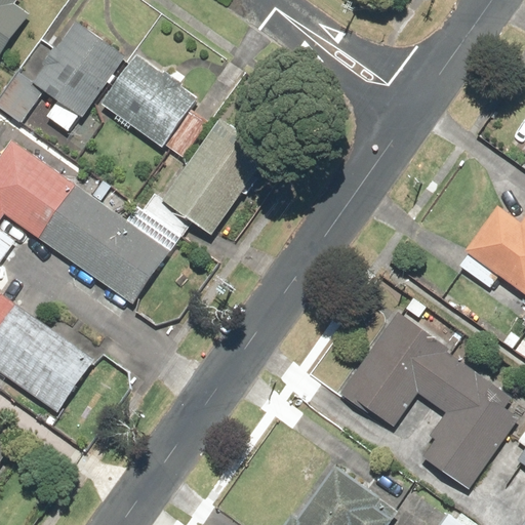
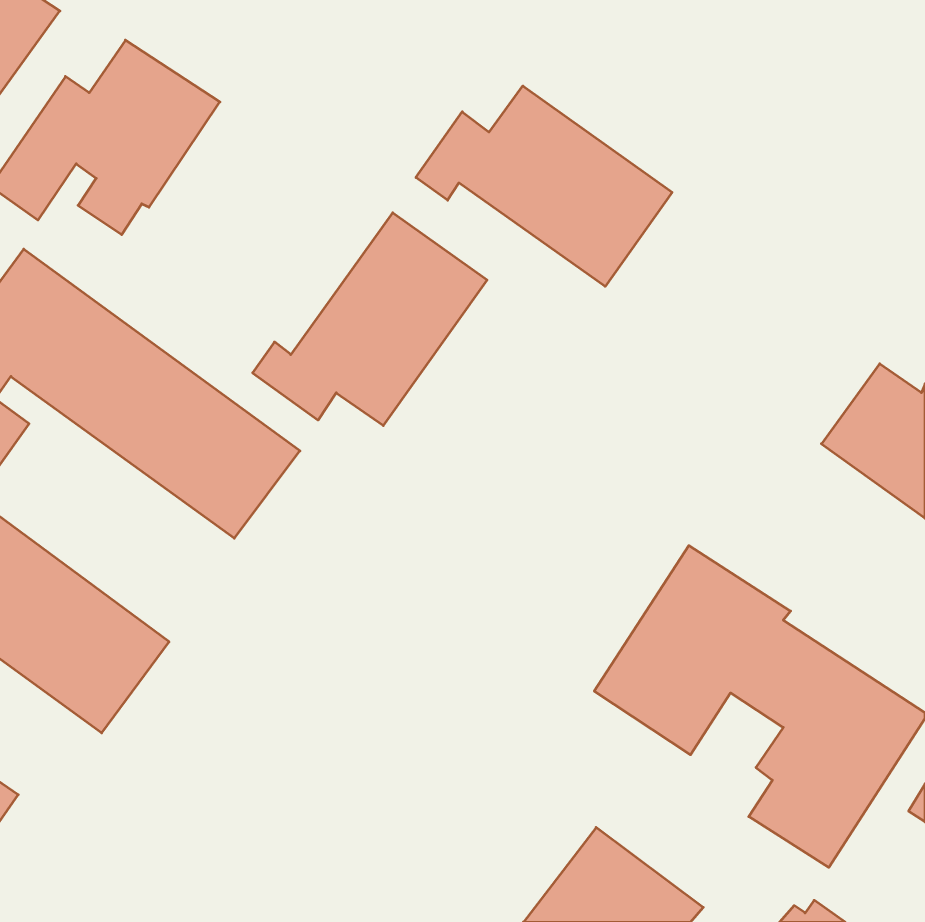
building: none -> [416,86,672,286]
building: [103,56,205,156] -> none

